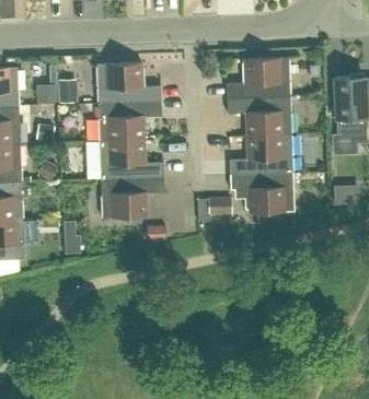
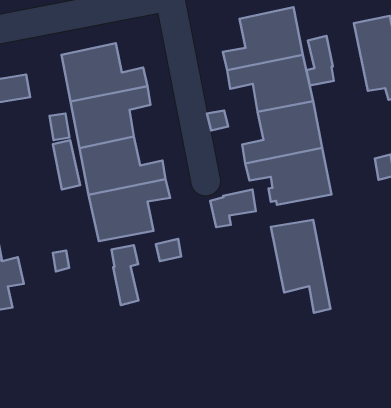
building: none -> [306,36,334,85]
building: none -> [112,245,138,305]
building: none -> [271,220,330,313]

